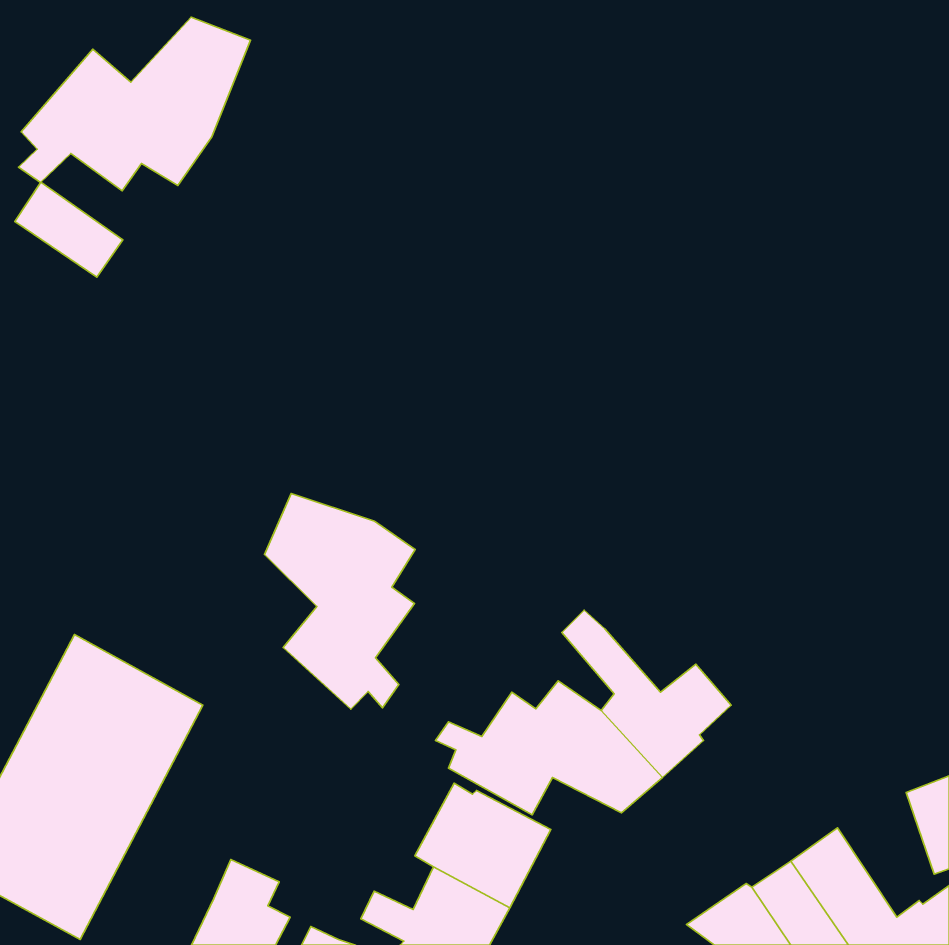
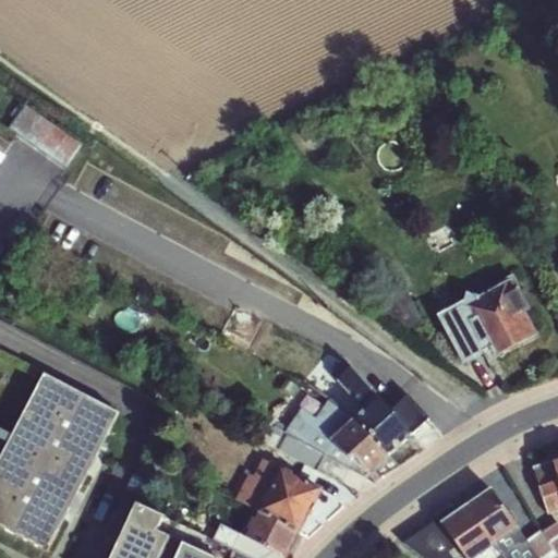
building: [19,17,251,191] -> none
building: none -> [436,272,538,364]
building: [264,494,415,709] -> none

